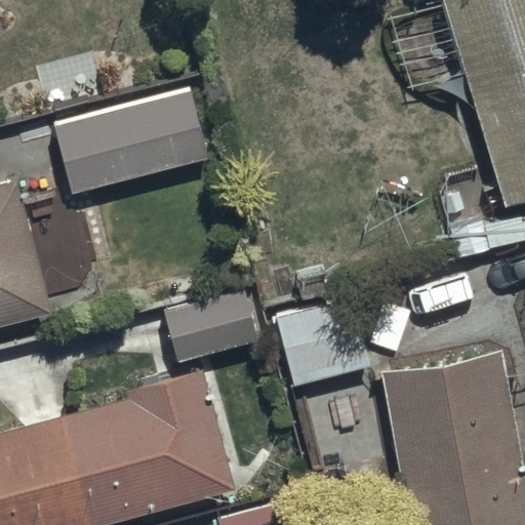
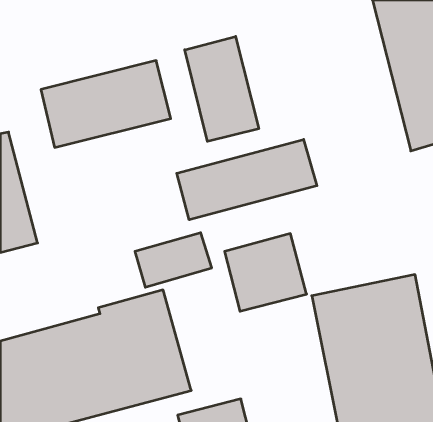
building: none -> [185,36,259,141]
building: none -> [177,139,317,220]

